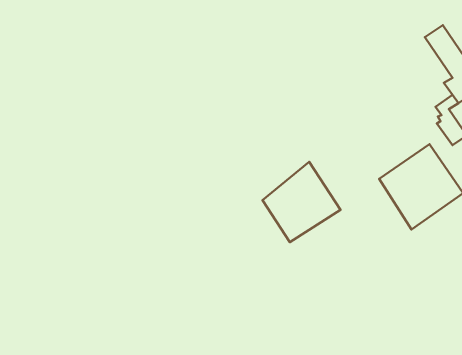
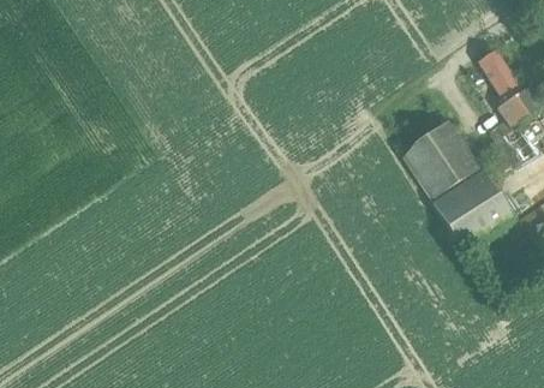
building: [262,162,340,242] -> [403,117,482,197]

